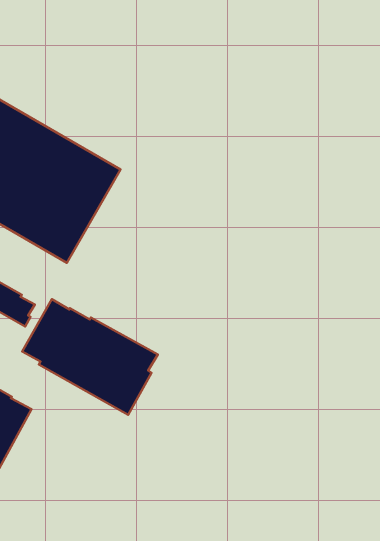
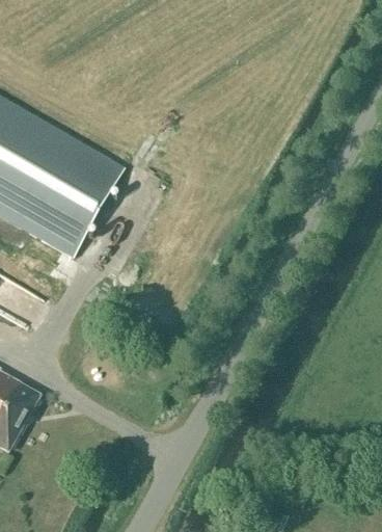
building: [22,299,158,415] -> none

